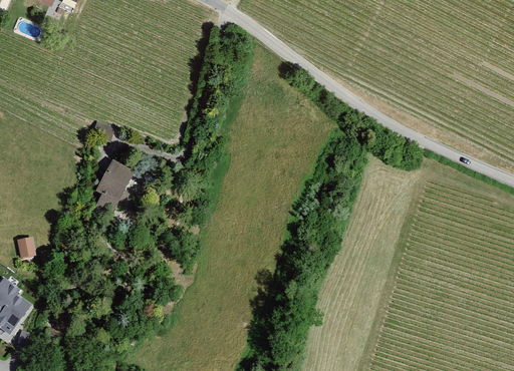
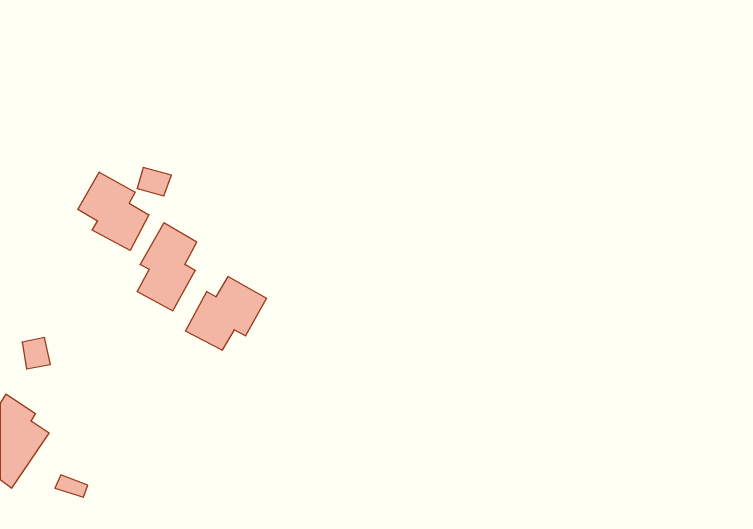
building: none -> [78,172,149,250]
building: none -> [185,276,266,350]

